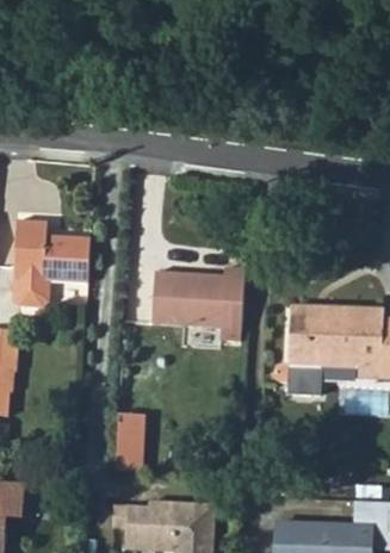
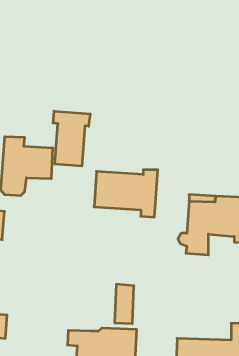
building: none -> [53,111,90,166]
building: [113,414,142,472] -> [115,284,134,324]

